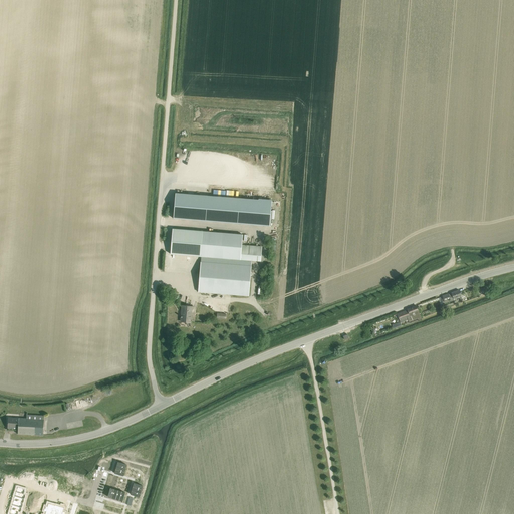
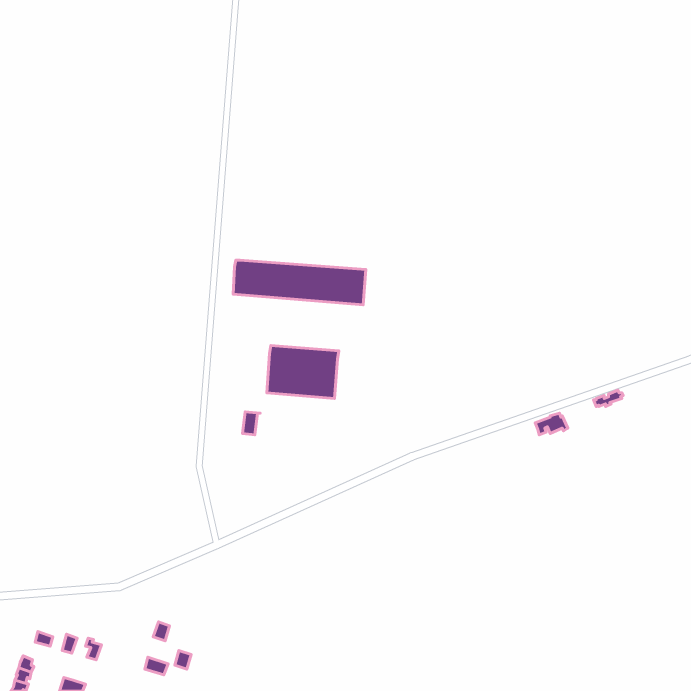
building: [170,228,261,261] -> none
building: [7,414,43,435] -> none

